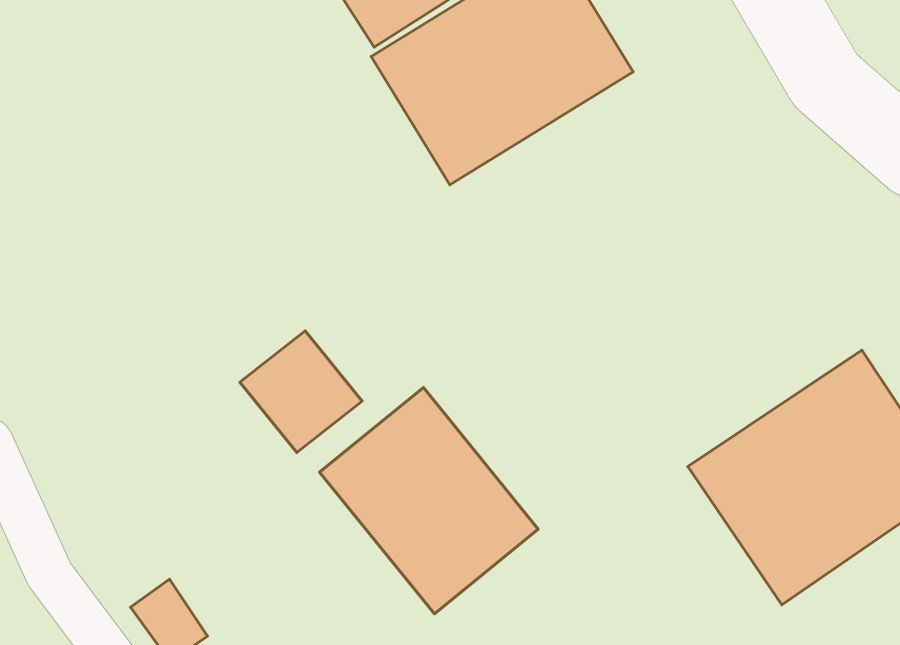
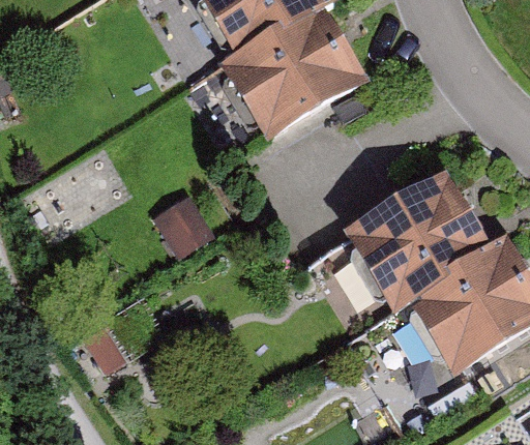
building: none -> [338,166,490,302]
building: [319,388,538,614] -> none

